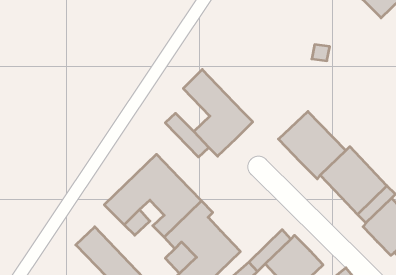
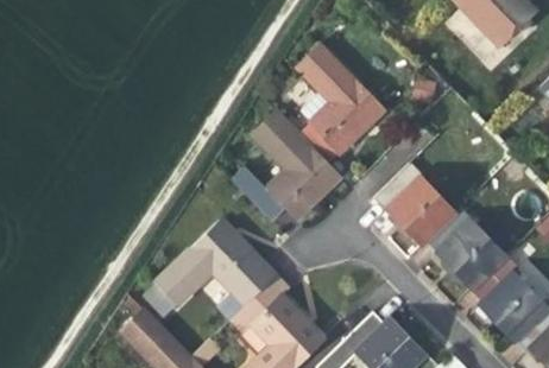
building: none -> [297,45,384,164]

